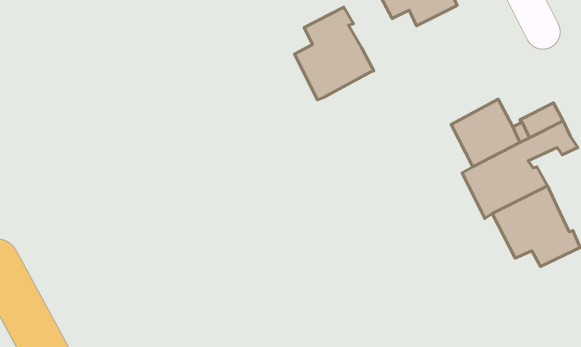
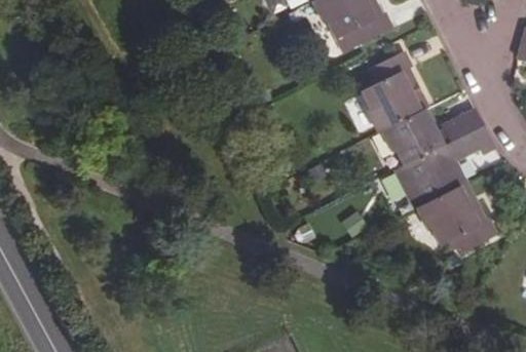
building: [294,7,374,100] -> [361,52,428,131]

